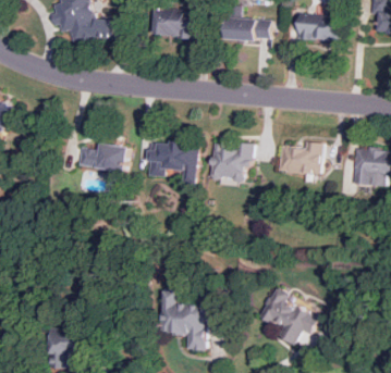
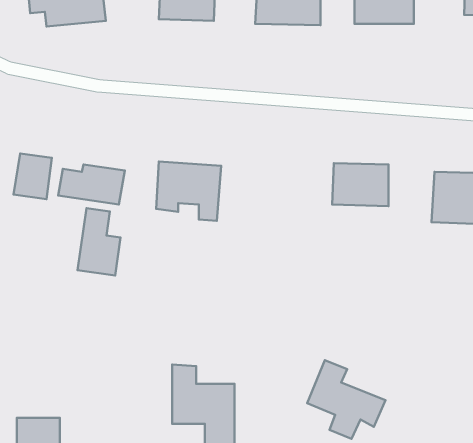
building: none -> [14,153,52,199]
building: [210,142,251,179] -> none
building: none -> [78,208,121,276]

